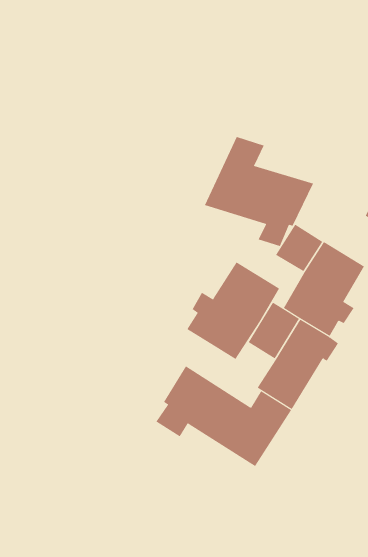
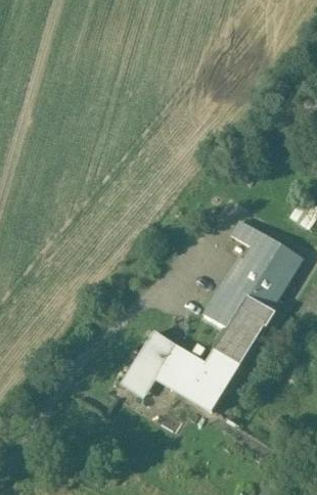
building: [204,136,314,247] -> none
building: [186,261,279,360] -> none

